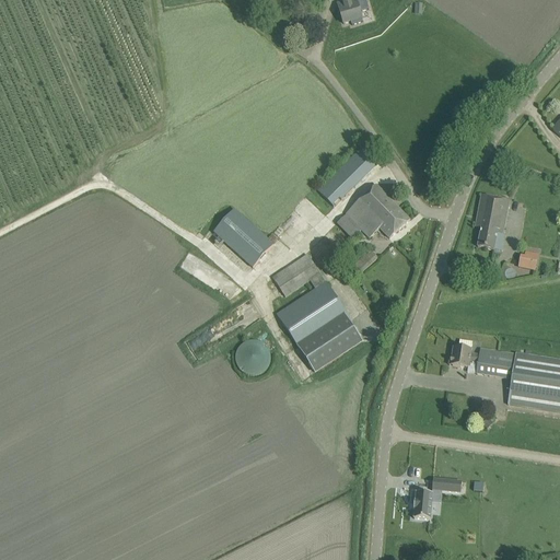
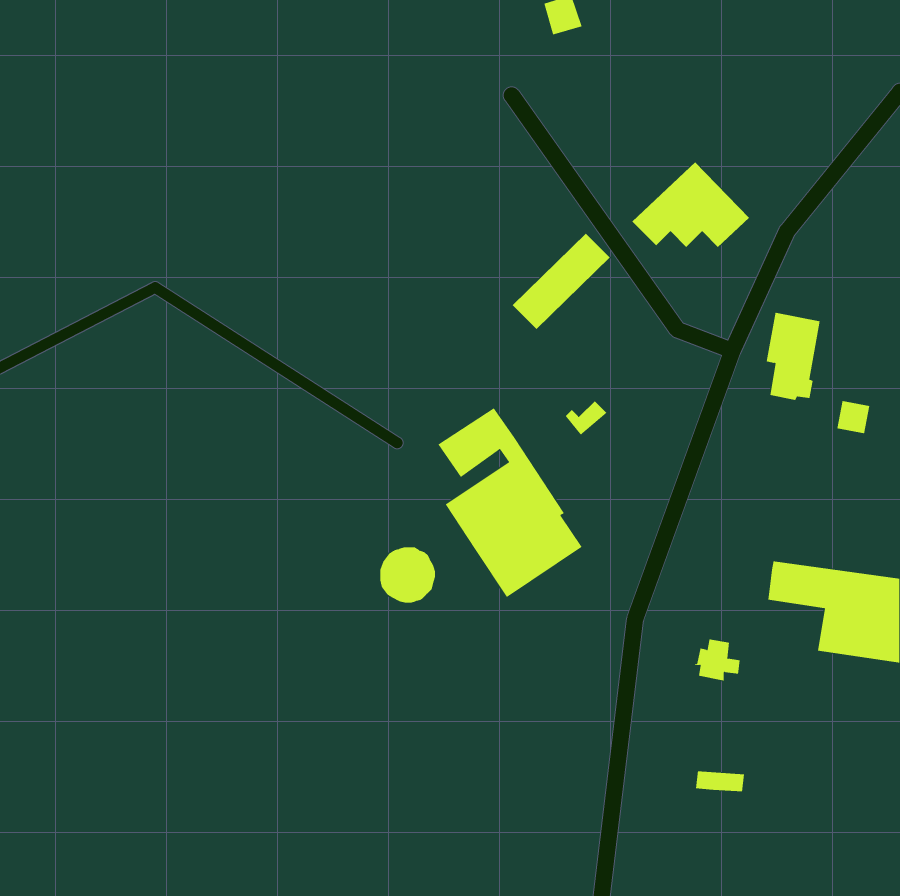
building: [336,184,409,237] -> [632,161,750,248]
building: [213,207,273,266] -> none
building: [450,340,478,366] -> [695,639,740,681]
building: [413,490,432,518] -> none

